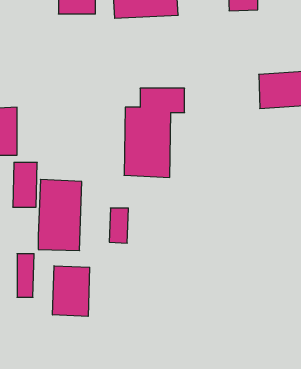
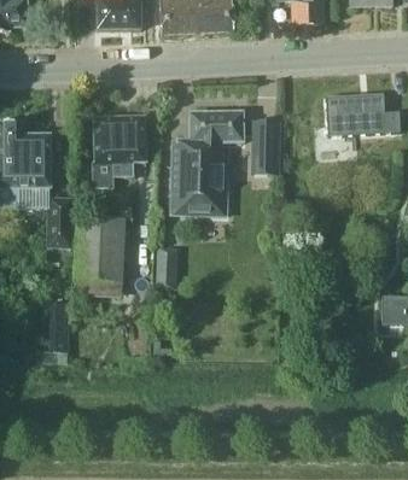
building: none -> [94,115,146,181]
building: none -> [251,119,280,174]
building: [53,266,90,316] -> none

